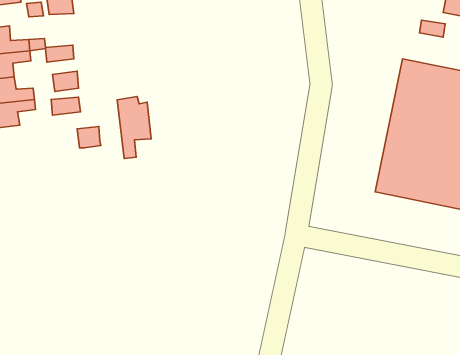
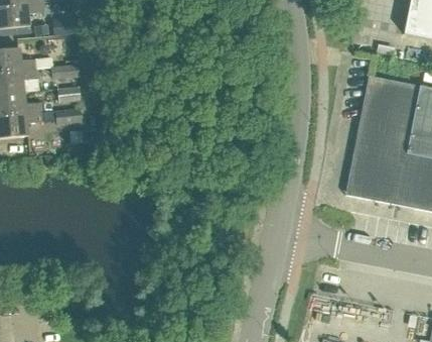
building: [117,97,151,159] -> none

